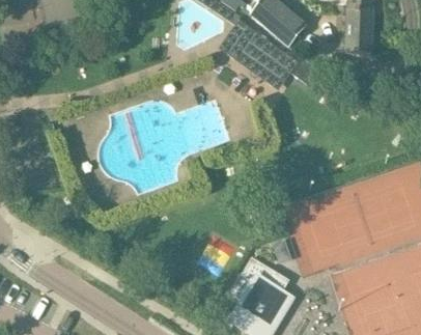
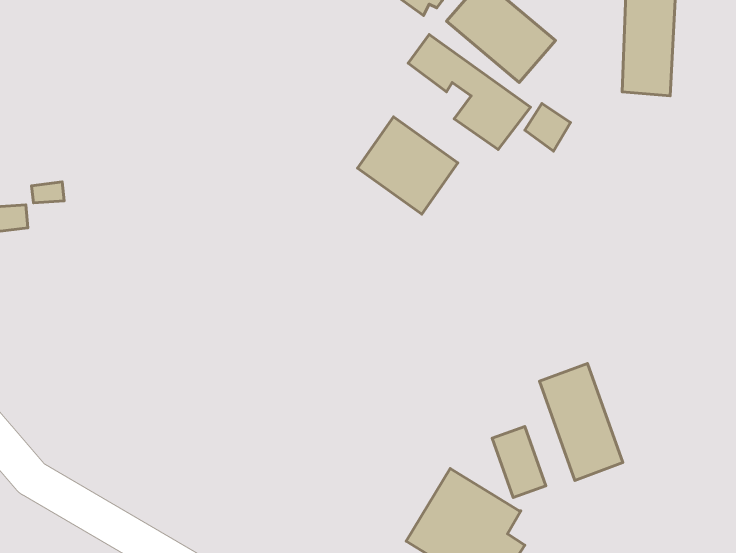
building: none -> [357,117,458,214]
building: none -> [540,363,623,480]

